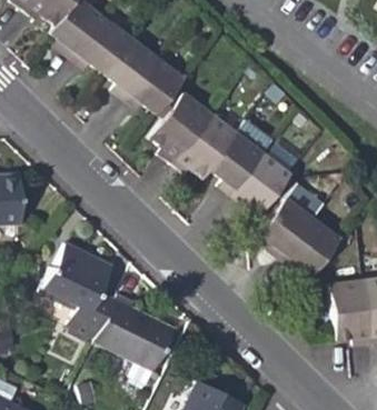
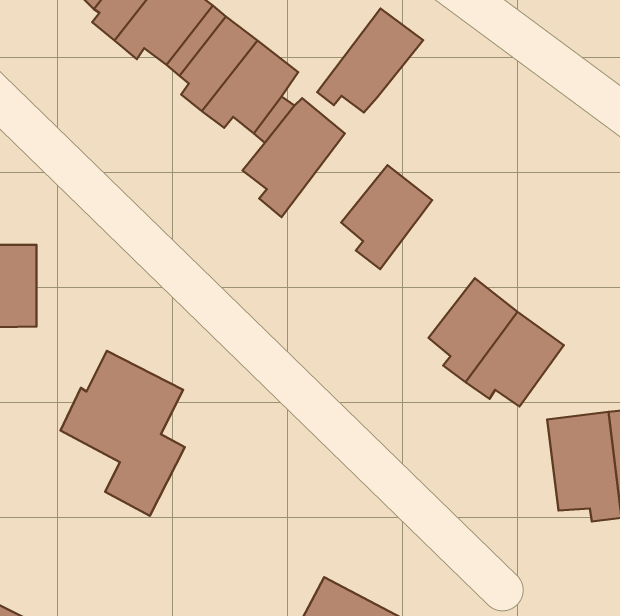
building: [171,111,235,173] -> [317,9,423,113]
building: [230,151,289,209] -> none
building: [91,296,170,374] -> none

